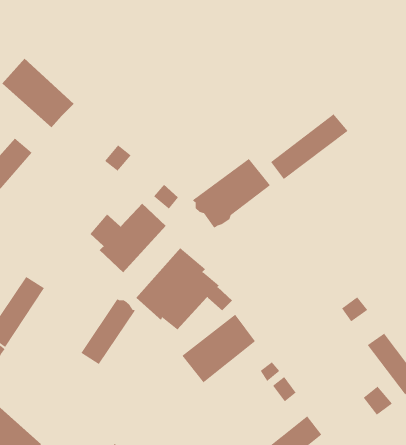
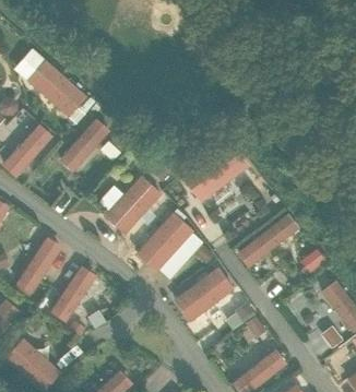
building: [270,113,349,180] -> [237,214,300,268]
building: none -> [59,118,109,171]
building: [80,298,136,365] -> [50,269,95,322]

